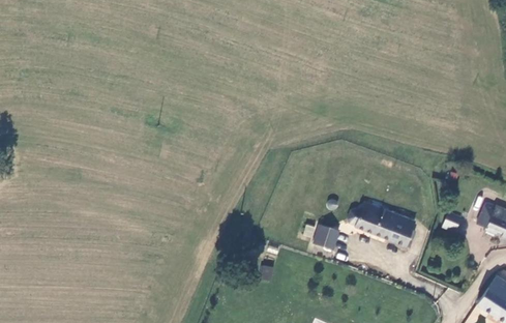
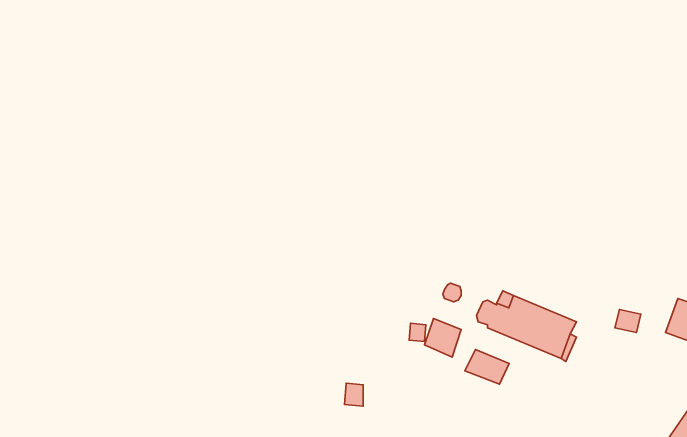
building: none -> [465,349,509,384]

